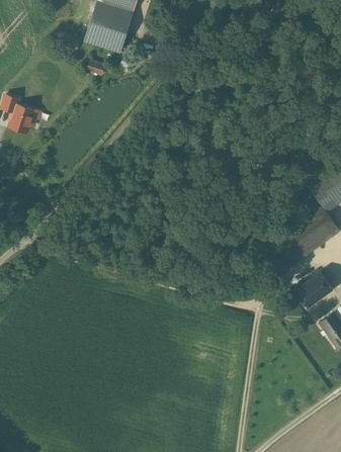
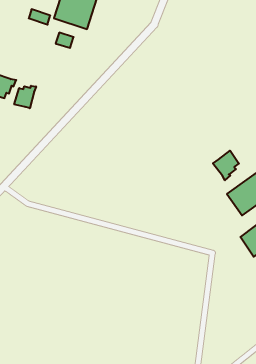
building: none -> [14,86,36,108]
building: none -> [213,151,239,180]

